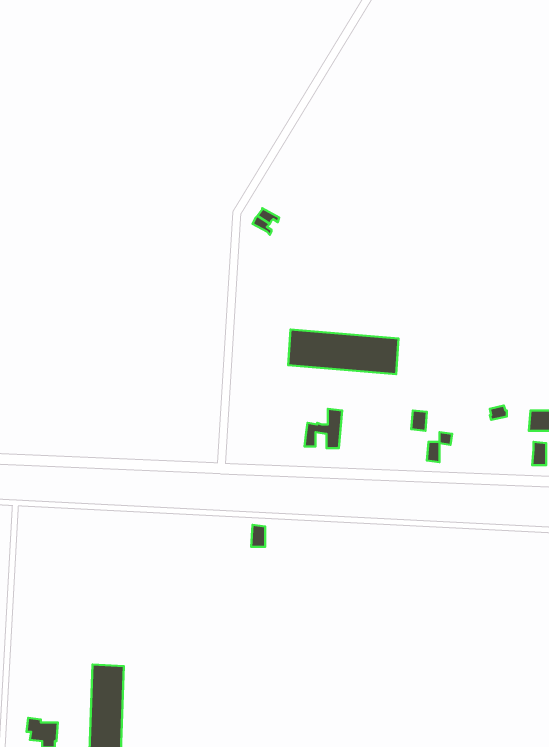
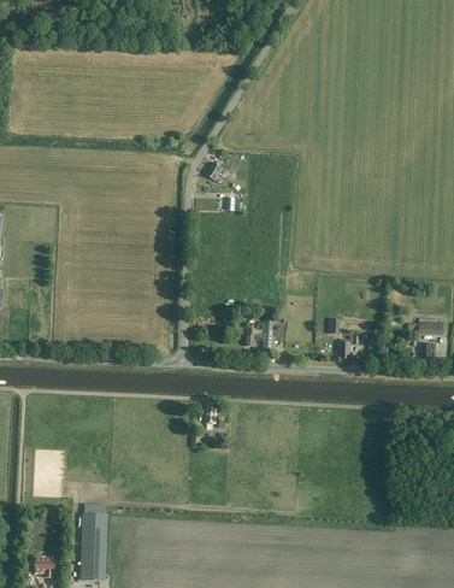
building: [288,330,399,374] -> none

